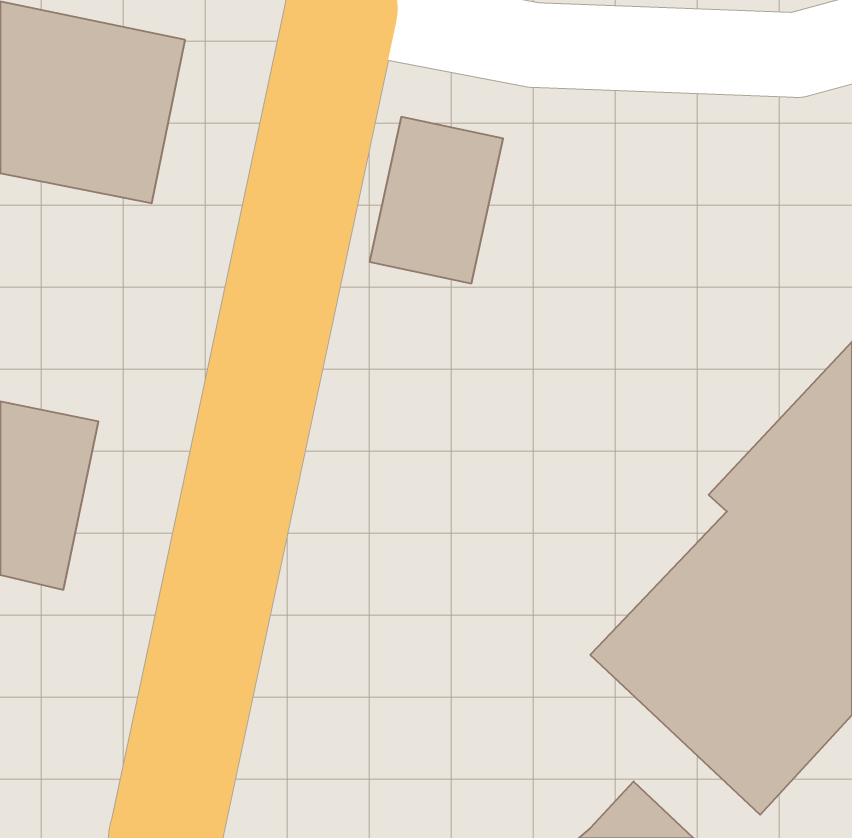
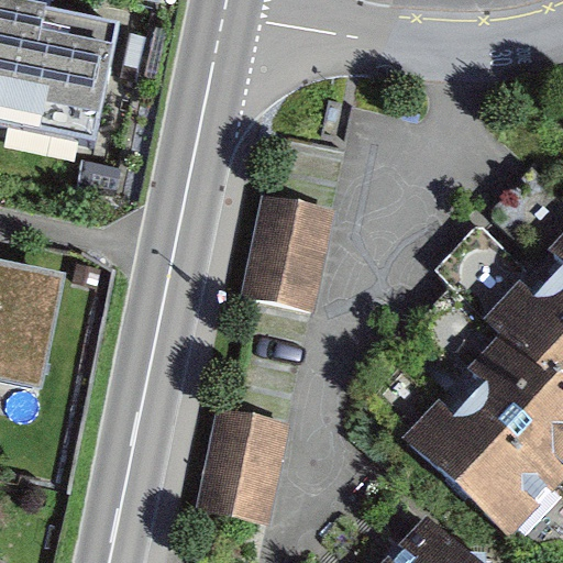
building: [370,117,503,283] -> [246,197,334,307]
building: none -> [201,415,287,519]

